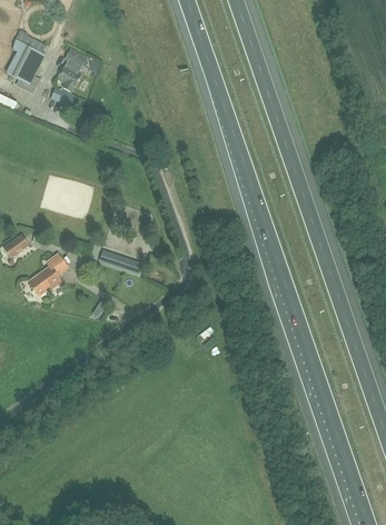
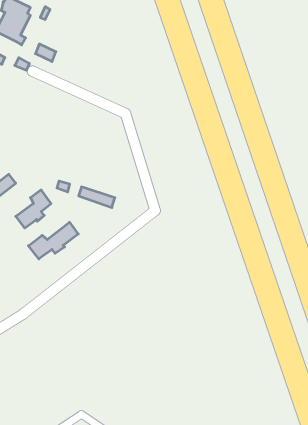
building: [57,48,87,91] -> none
building: none -> [28,222,78,259]

